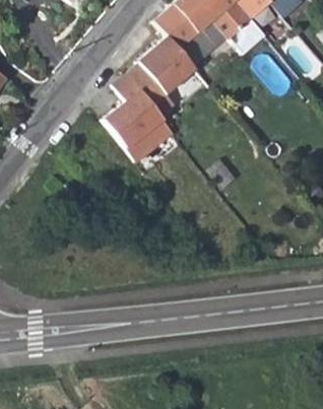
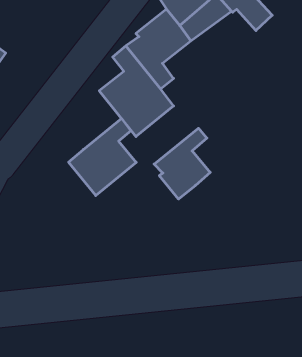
building: none -> [69,119,136,196]
building: none -> [154,128,210,199]

